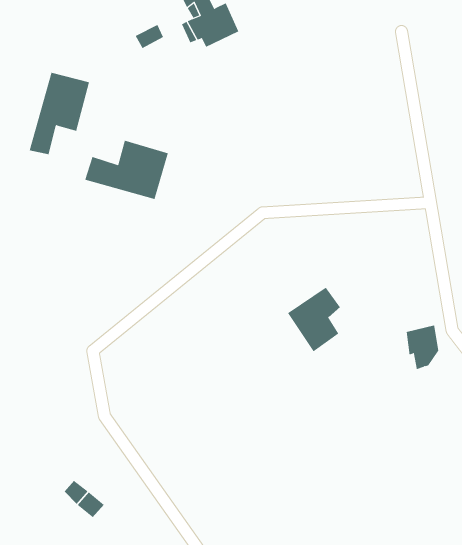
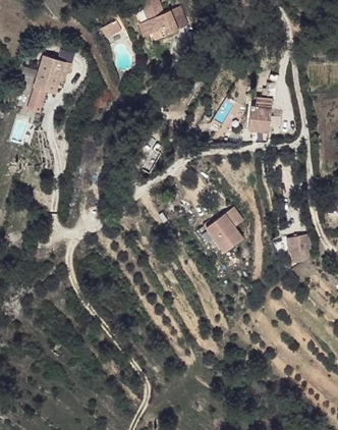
building: [84,140,169,200] -> none
building: none -> [247,105,270,129]

